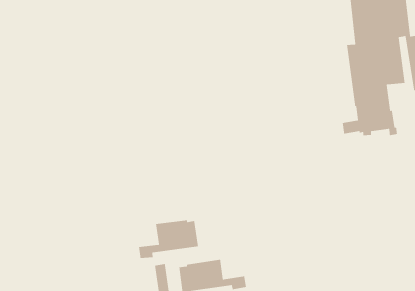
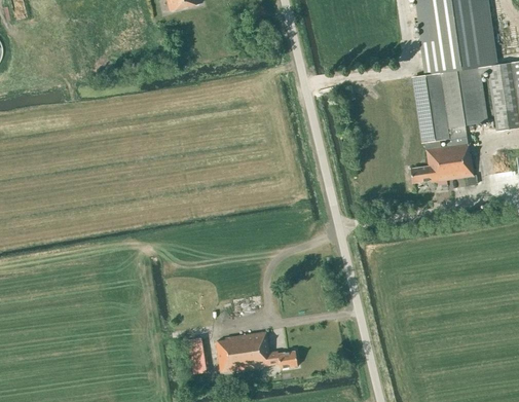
building: [138,220,199,259] -> none

